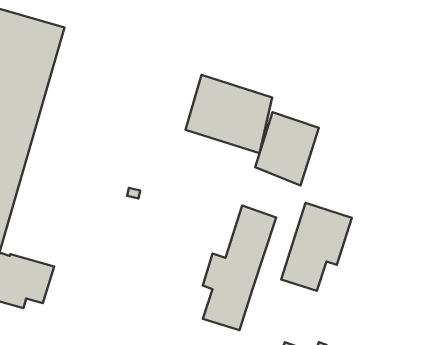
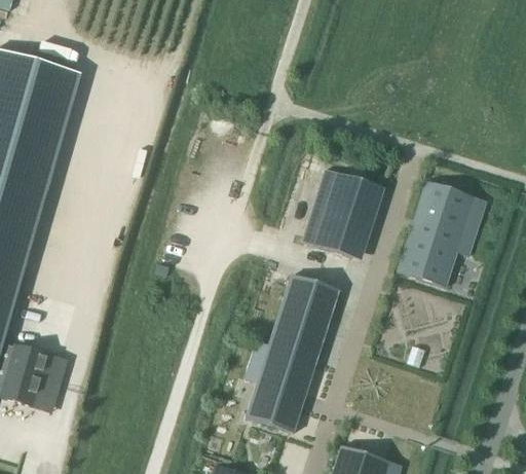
building: [186,75,272,153] -> none
building: [281,203,352,291] -> [402,182,485,286]

